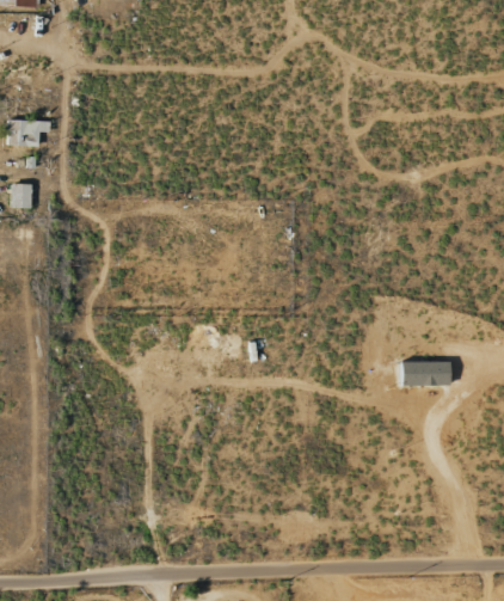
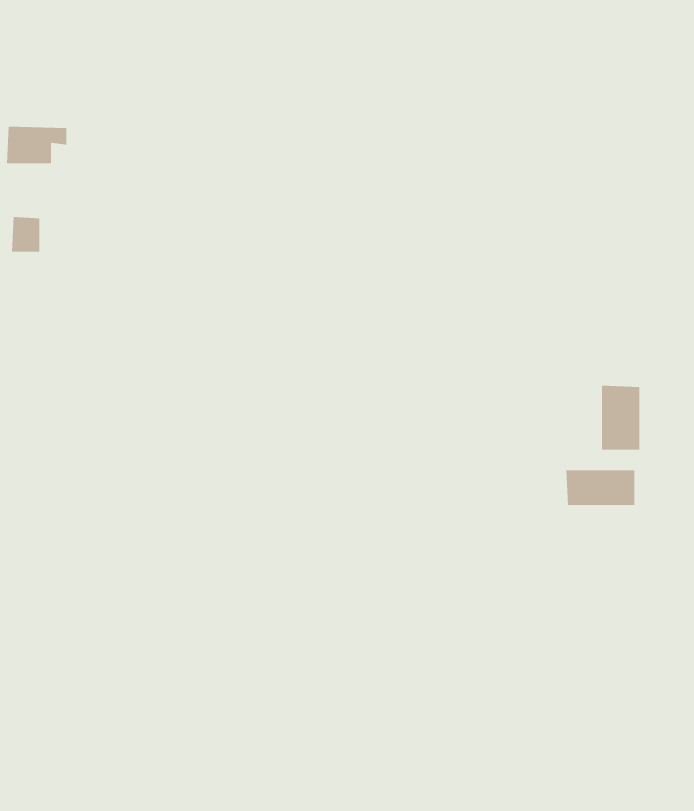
building: none -> [602,385,640,451]

